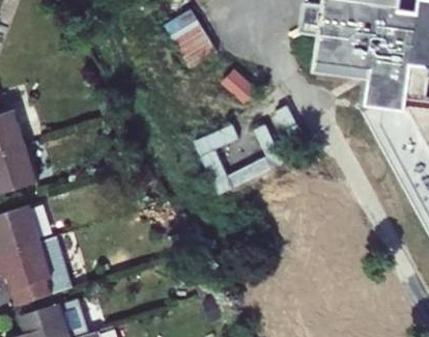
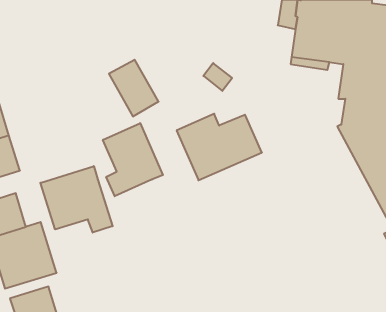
building: [166,8,218,67] -> [109,60,159,116]
building: none -> [103,123,163,196]
building: none -> [40,166,113,233]

